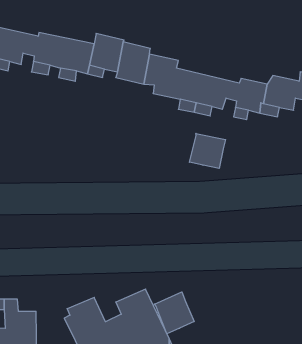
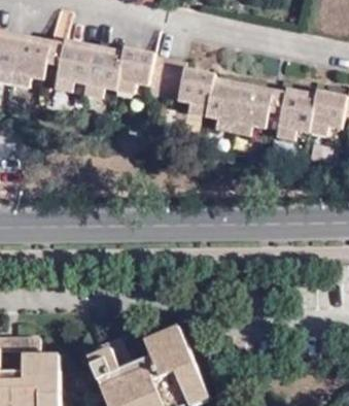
building: [189,133,226,168] -> none
building: [154,292,194,334] -> none

